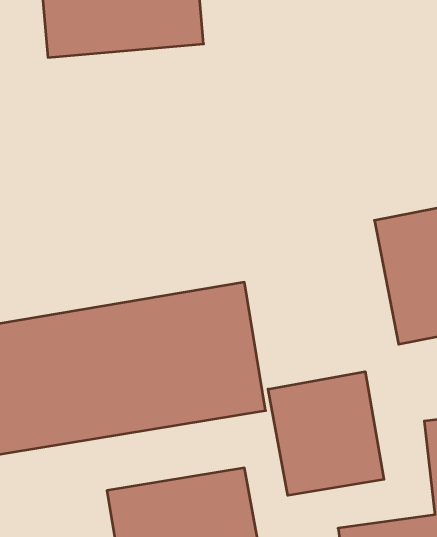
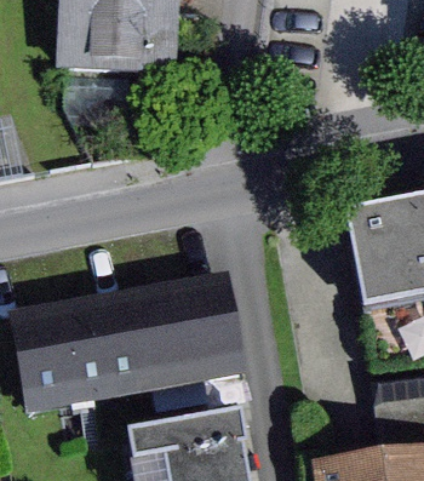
building: [268,372,384,495] -> none

